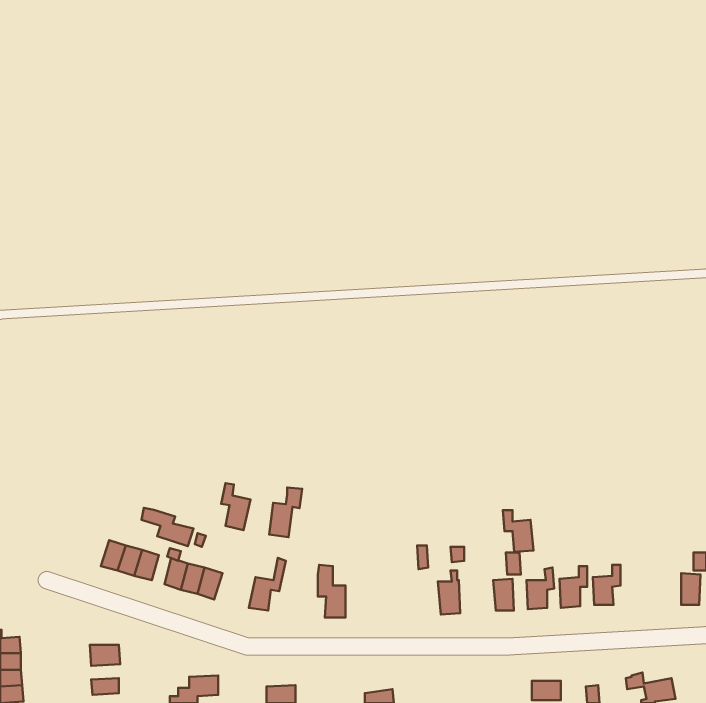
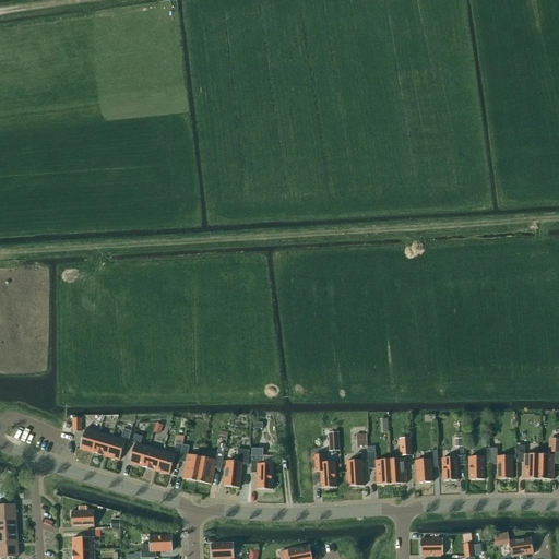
building: [221,483,250,530] -> [179,443,202,480]
building: [269,487,302,537] -> [224,448,250,487]
building: [142,508,193,546] -> none
building: [503,510,533,552] -> [368,451,392,484]
building: none -> [518,444,538,478]
building: none -> [490,447,513,478]
building: none -> [313,453,337,487]

